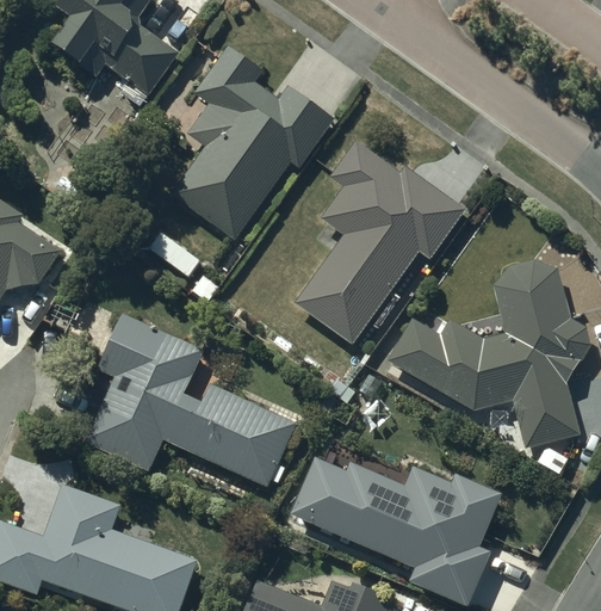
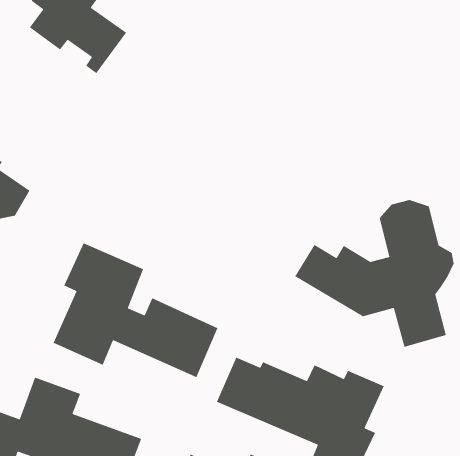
building: [172,57,333,239] -> none
building: [295,141,463,342] -> none

